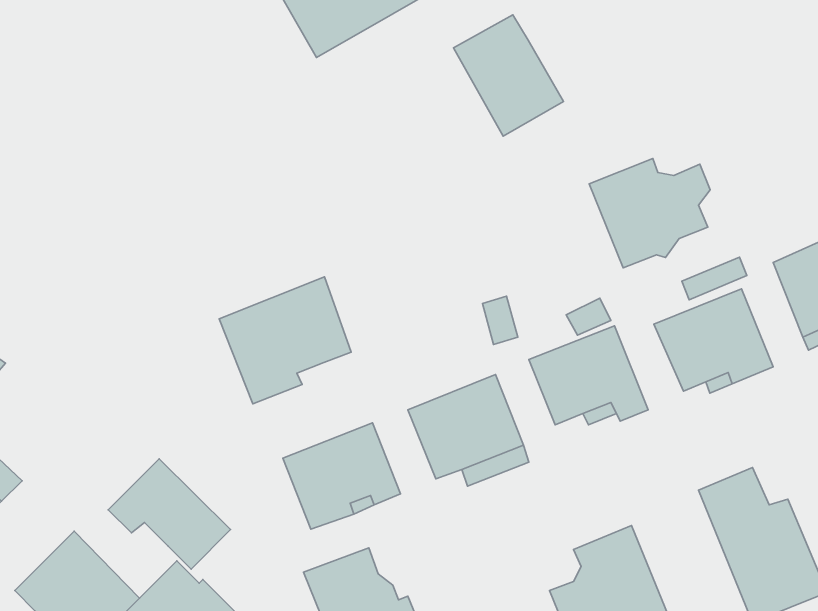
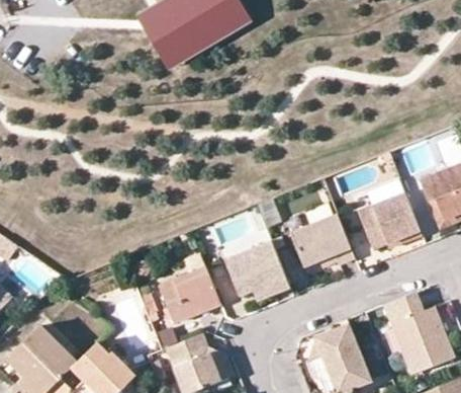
building: [454,15,563,136] -> none
building: [589,159,710,268] -> none
building: [219,277,351,404] -> none
building: [108,459,231,569] -> none

